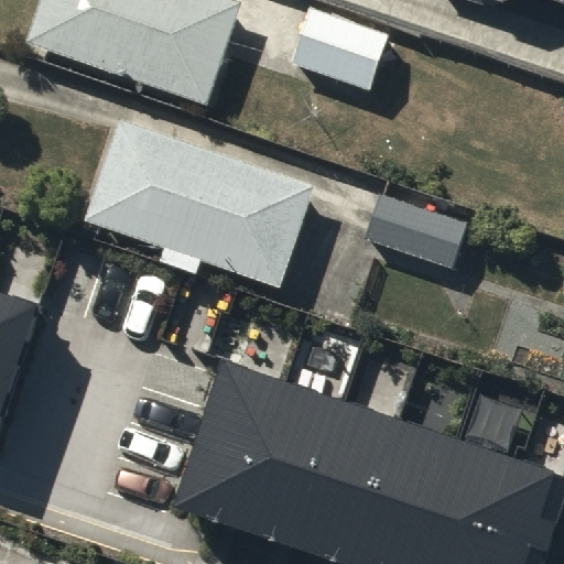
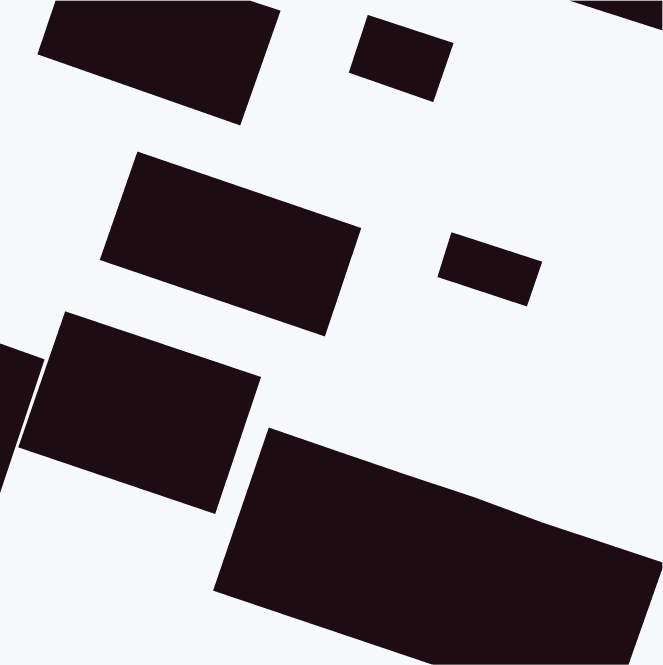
building: none -> [17,310,262,515]

